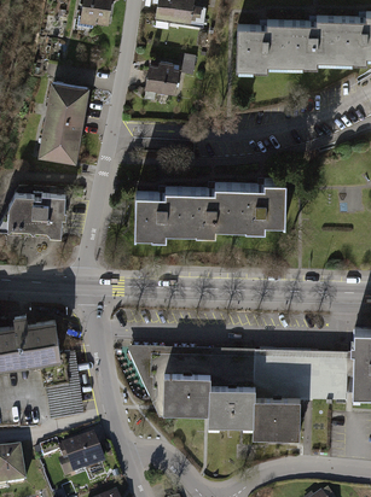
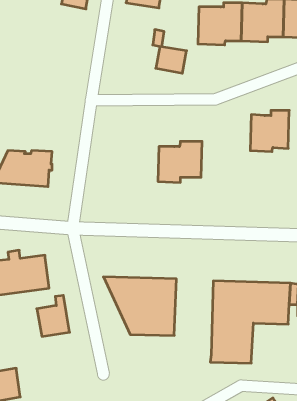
building: [143,66,179,98] -> [156,47,187,73]
building: [36,81,89,163] -> none
building: [240,180,286,228] -> [250,110,289,152]
building: [135,189,191,236] -> none
building: [208,346,255,435] -> none
building: [59,435,108,481] -> none

